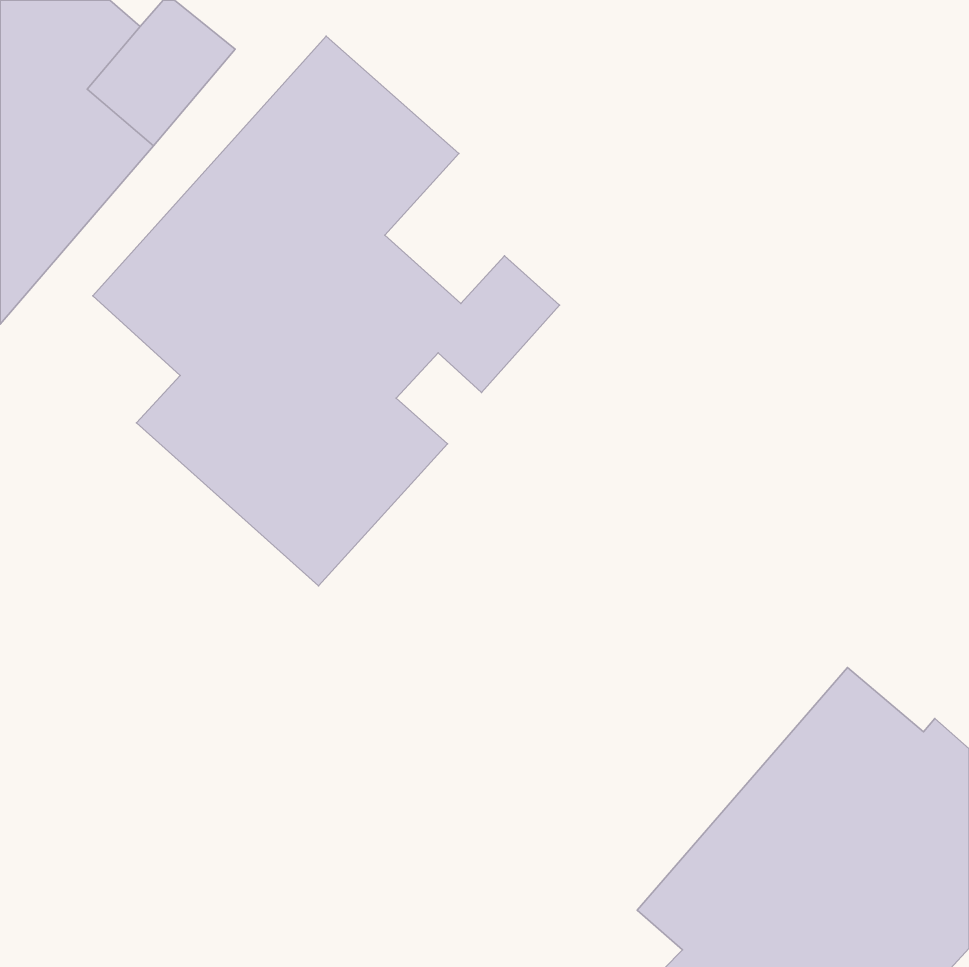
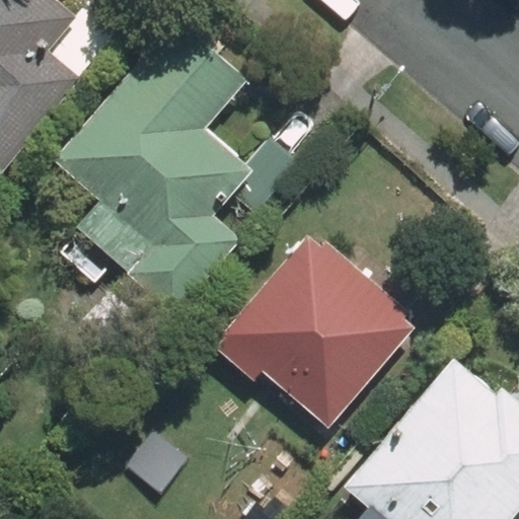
building: none -> [215,233,420,428]

